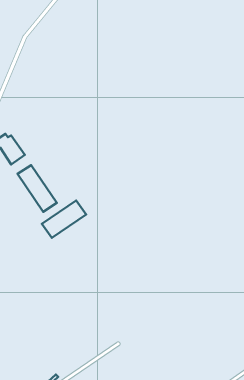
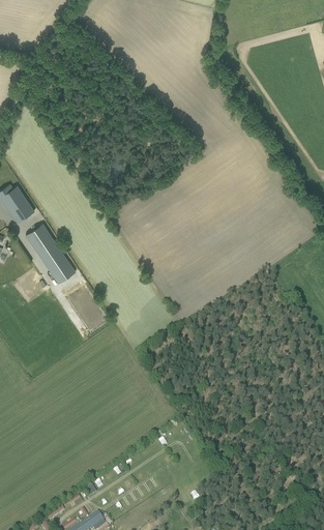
building: [42,200,86,238] -> none

